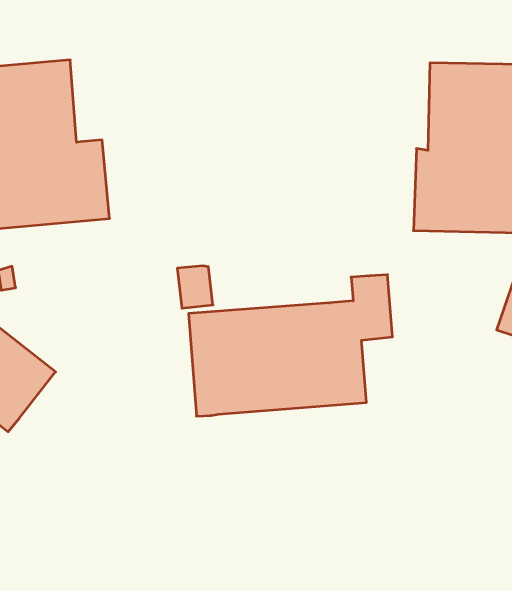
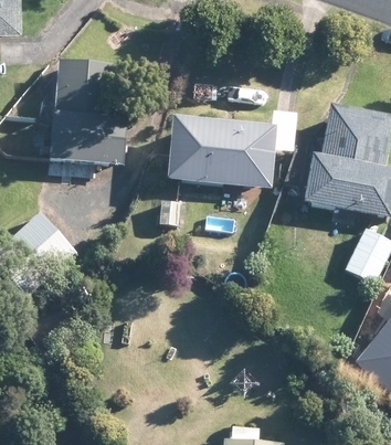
building: [189,275,392,416] -> [168,112,296,188]

